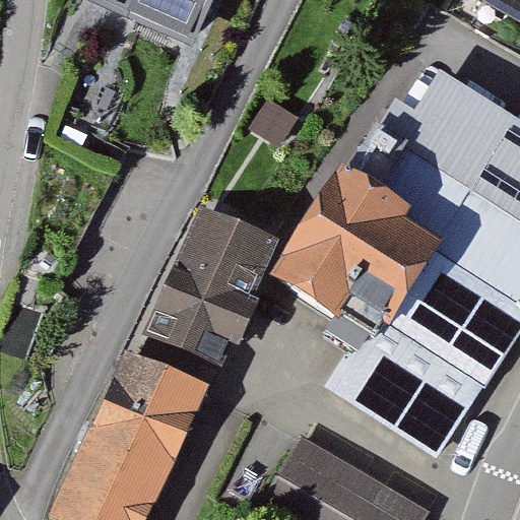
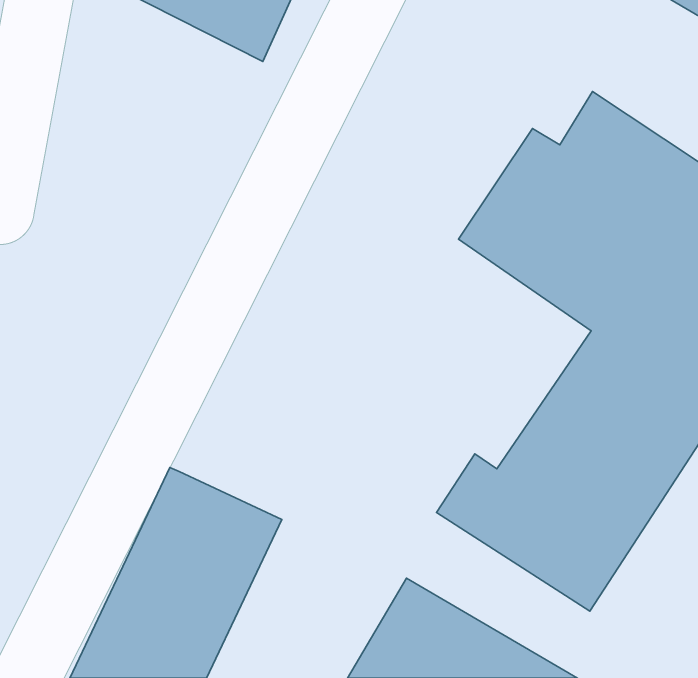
building: [271,178,440,348] -> none
building: [134,208,277,386] -> none

